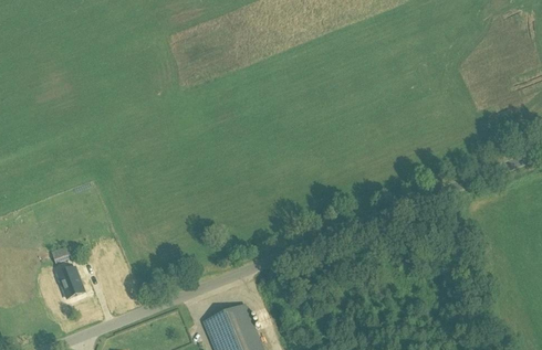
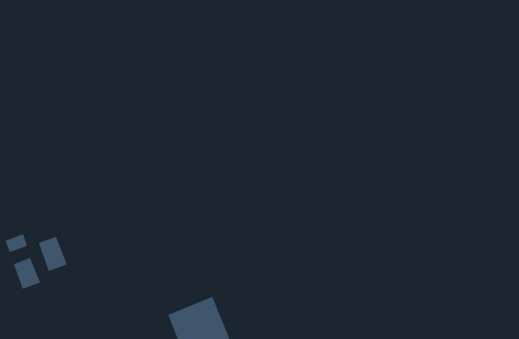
building: none -> [38,236,68,272]

